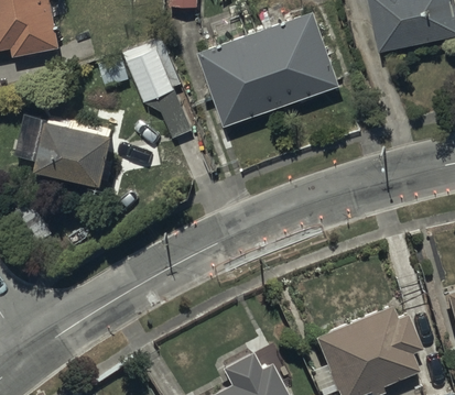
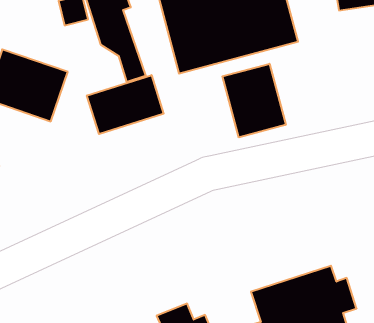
building: none -> [222,64,286,137]
building: none -> [87,75,164,134]

